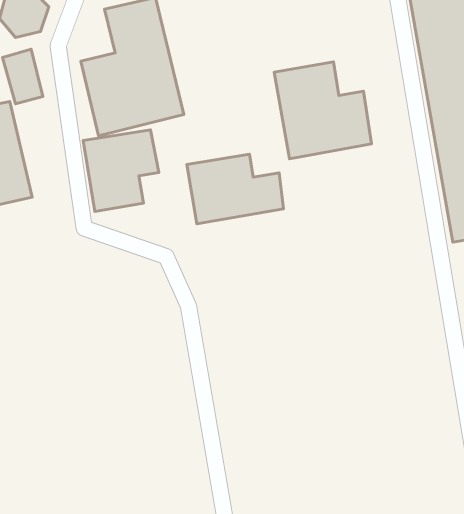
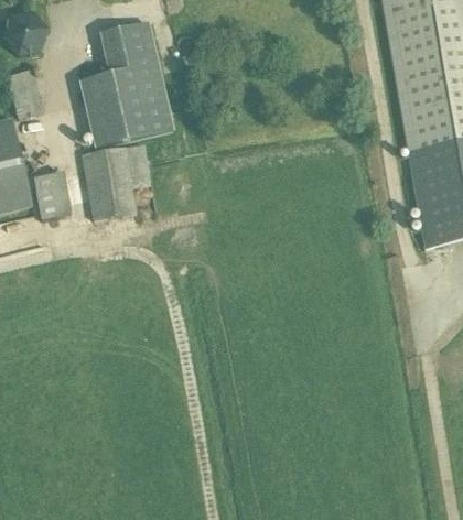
building: [274,62,371,159] -> none
building: [187,154,284,224] -> none
building: none -> [33,170,71,218]

